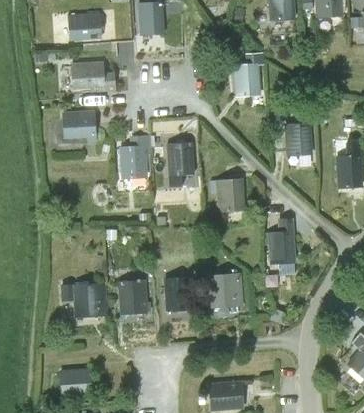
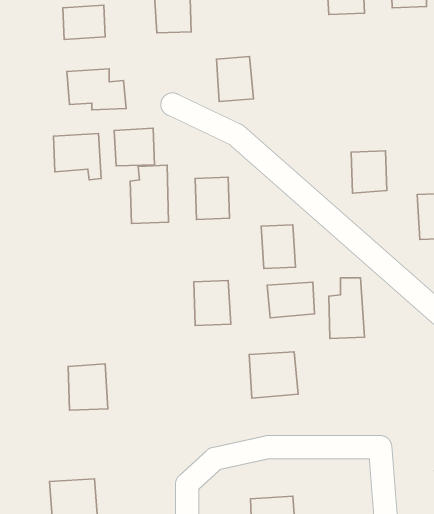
building: [233,62,261,96] -> [217,57,254,102]
building: none -> [114,128,154,166]
building: none -> [267,282,315,318]
building: [164,277,192,311] -> [194,281,231,326]
building: [116,280,147,315] -> none

